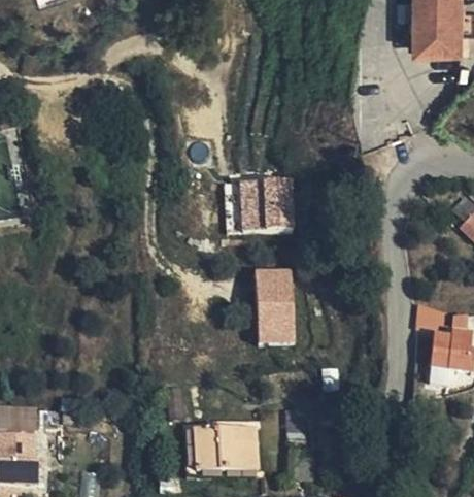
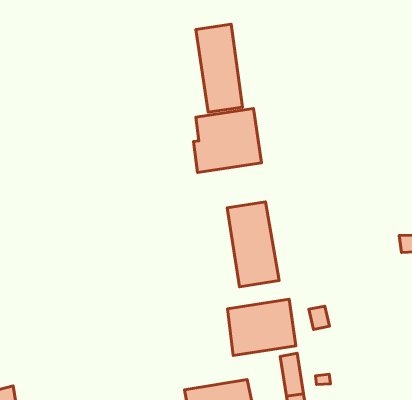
building: none -> [196,24,242,112]
building: none -> [228,299,296,356]

